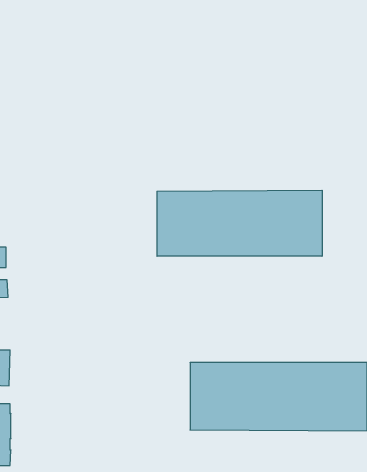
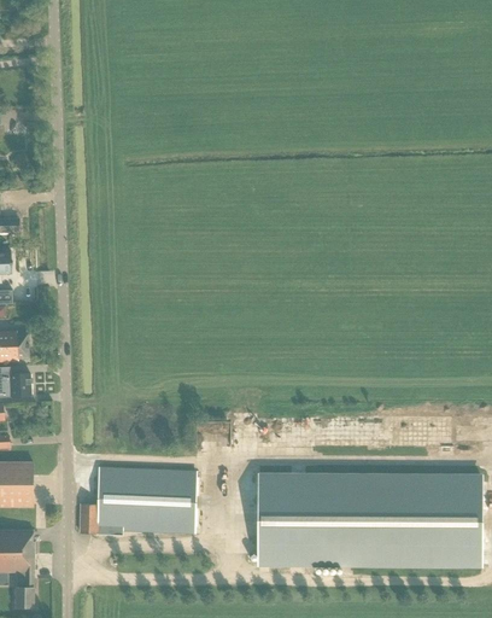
building: [157,190,322,256] -> none
building: none -> [78,468,195,535]

